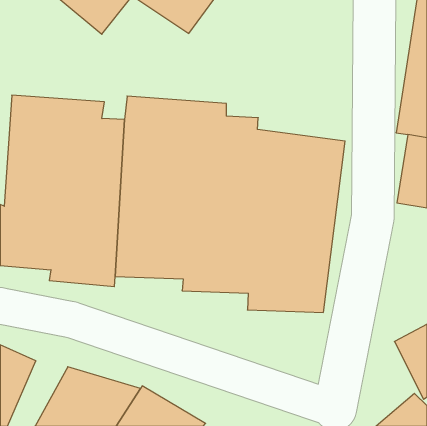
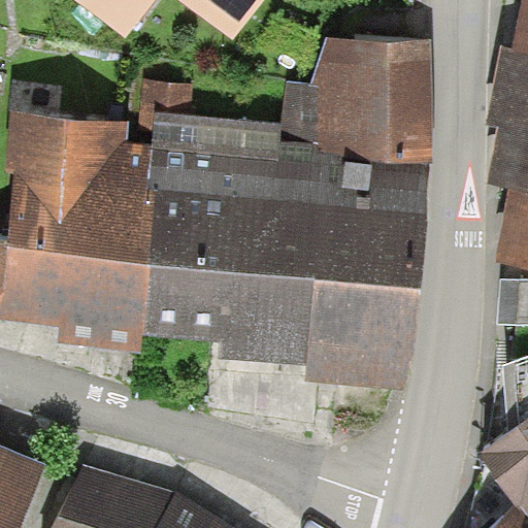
building: none -> [279,41,434,169]

